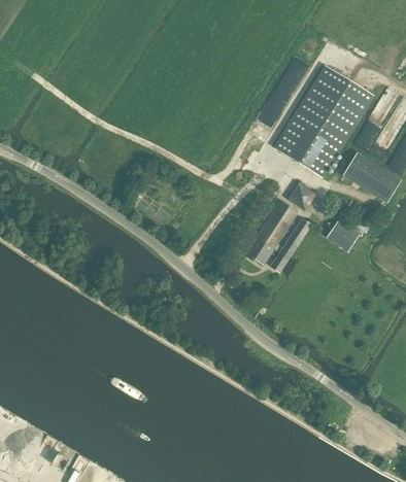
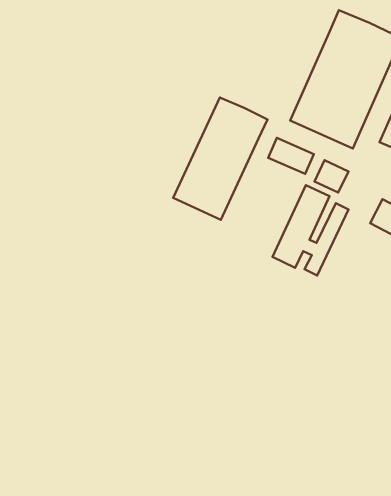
building: none -> [173,98,267,220]
building: none -> [268,138,314,174]

